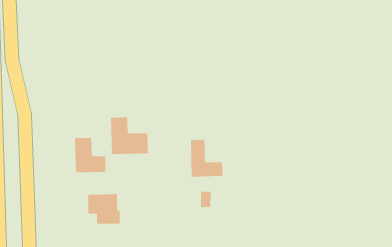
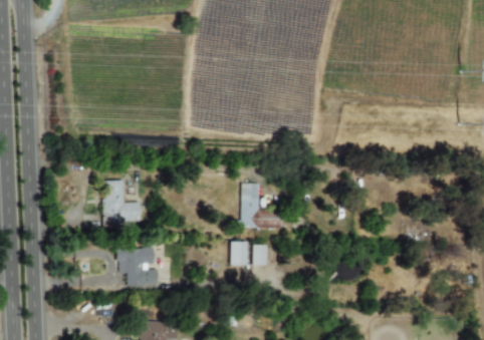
building: [110,116,149,155] -> none
building: none -> [232,241,248,265]

